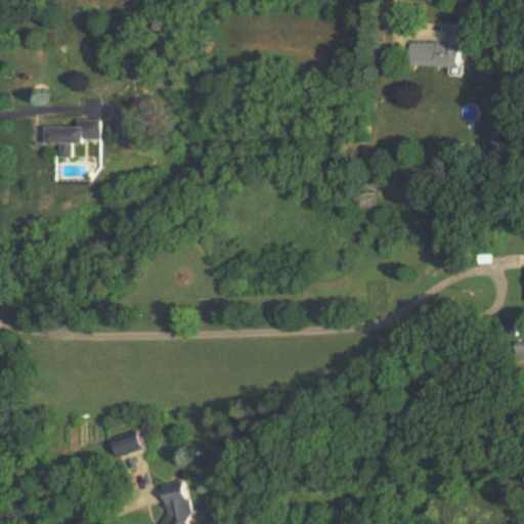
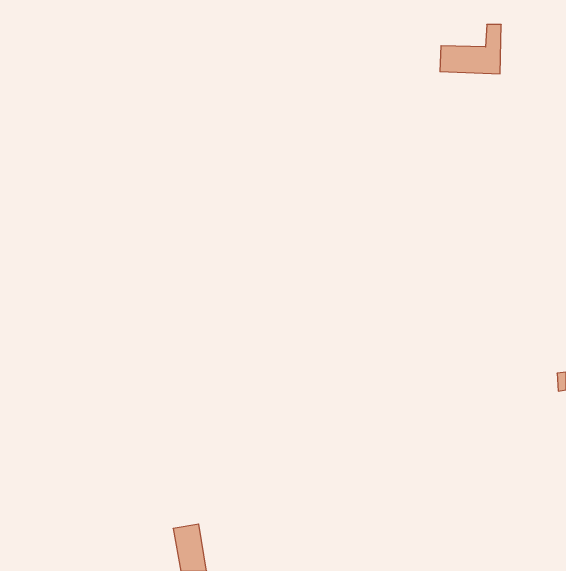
building: [44,119,98,157] -> none
building: [111,434,141,456] -> none

